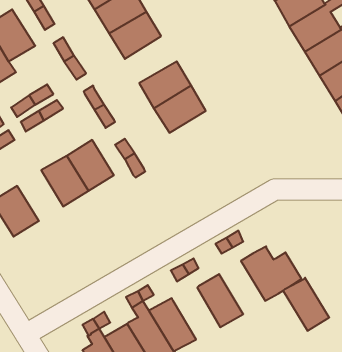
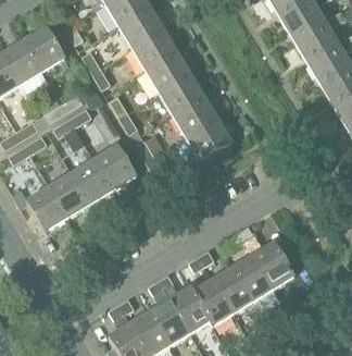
building: none -> [146,51,192,94]
building: none -> [186,119,232,161]
building: none -> [49,172,90,218]
building: [283,278,329,331] -> [230,254,272,302]
building: none -> [189,278,231,327]

